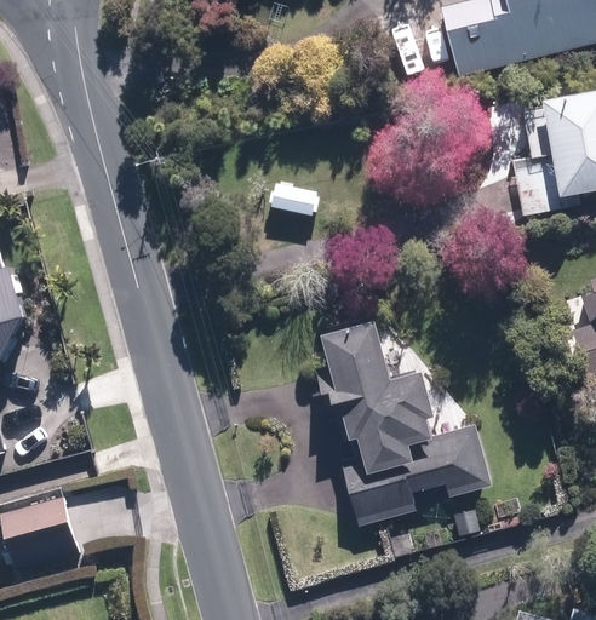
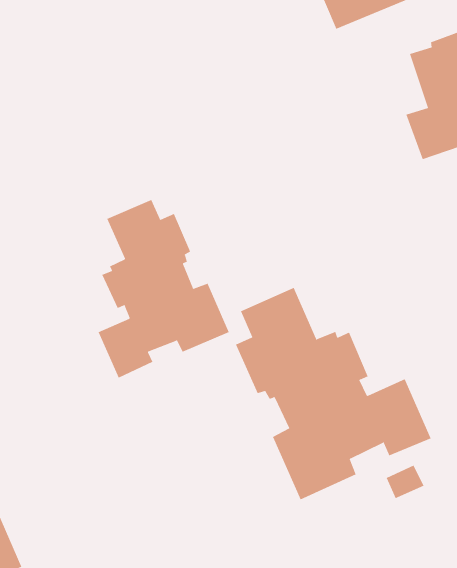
building: none -> [98,199,230,378]

